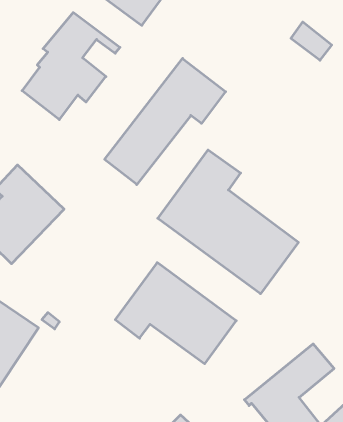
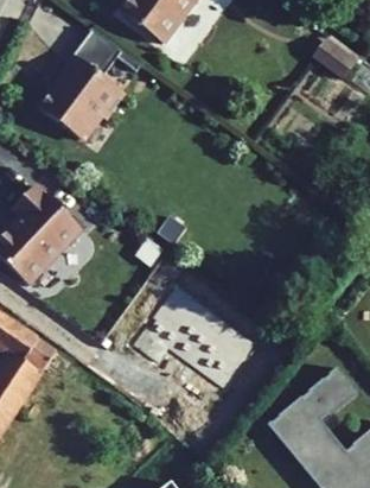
building: [105,58,226,185] -> none
building: [158,150,298,294] -> none

